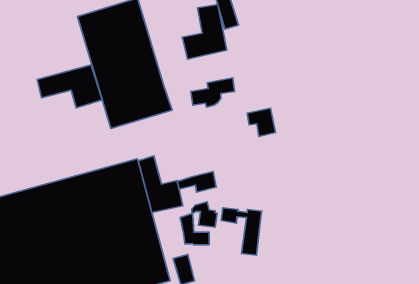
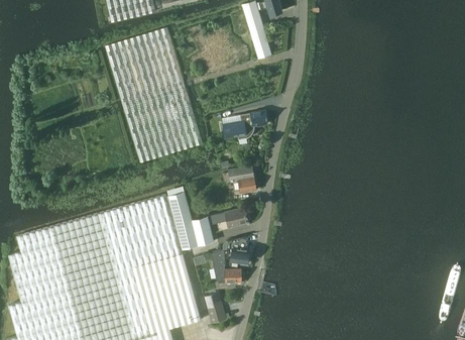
building: [182,4,227,59] -> none
building: [37,65,102,108] -> none
building: [247,108,276,136] -> [227,164,256,194]
building: [221,208,262,255] -> none

